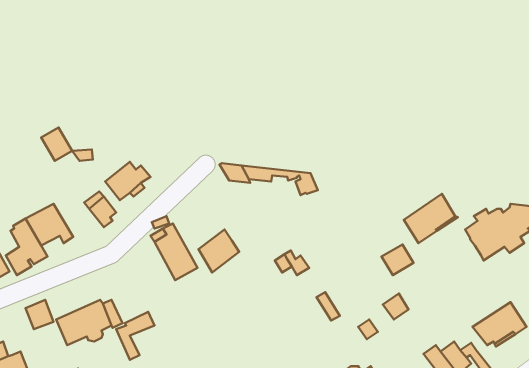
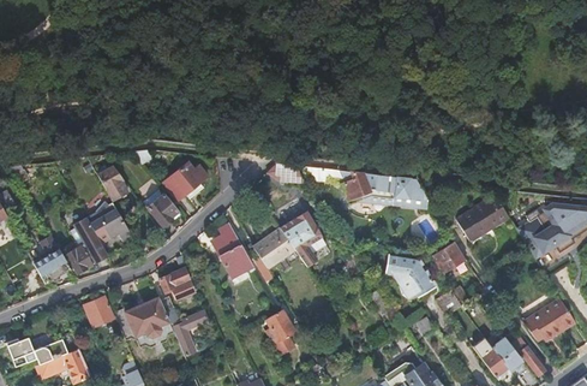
building: [41,128,72,161] -> [98,170,128,202]
building: none -> [364,173,426,206]
building: none -> [287,222,321,266]
building: none -> [384,256,433,298]
building: none -> [158,269,193,299]
building: none -> [260,310,295,356]

